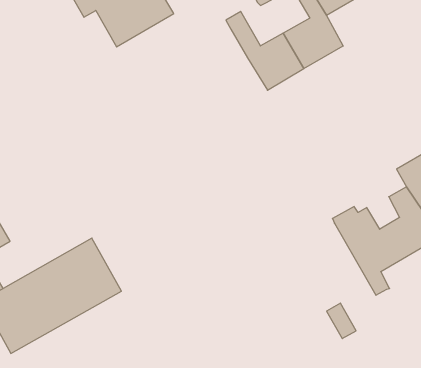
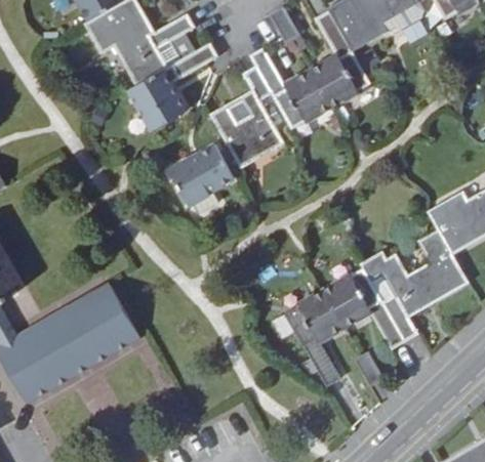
building: none -> [127,41,219,130]
building: none -> [210,66,285,168]
building: none -> [169,144,235,204]
building: none -> [284,267,405,387]

